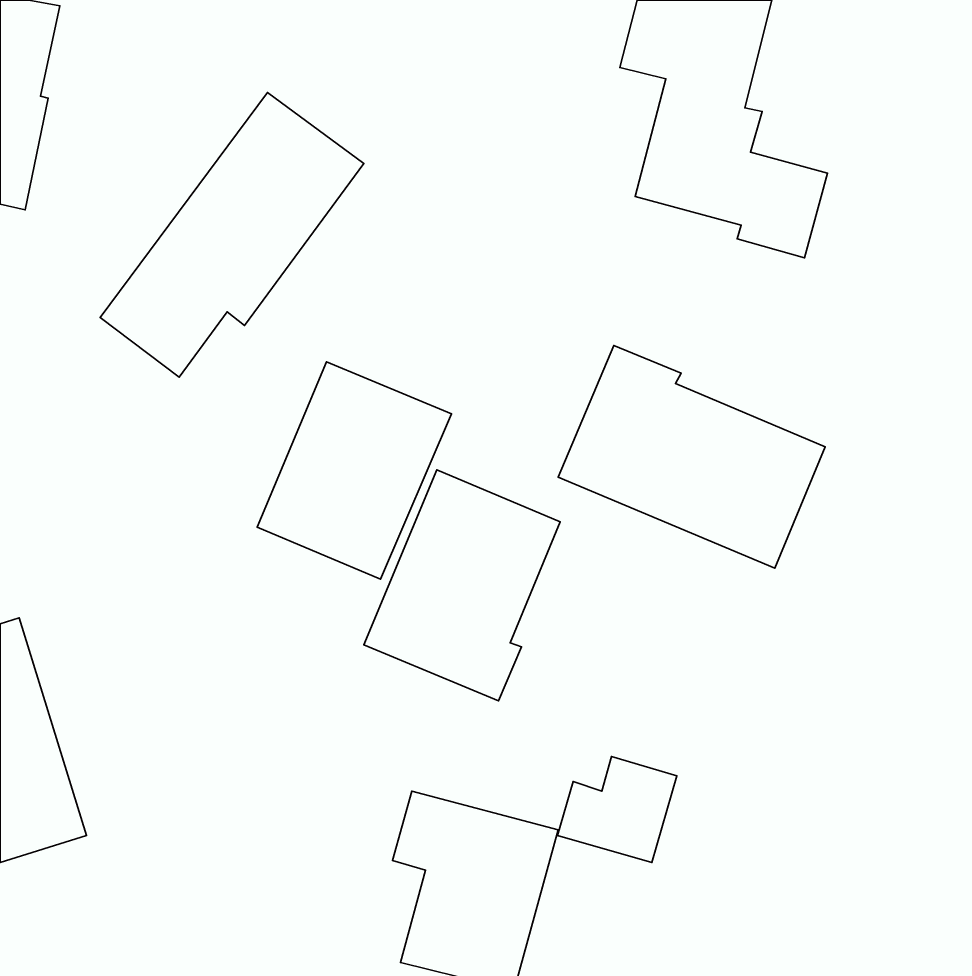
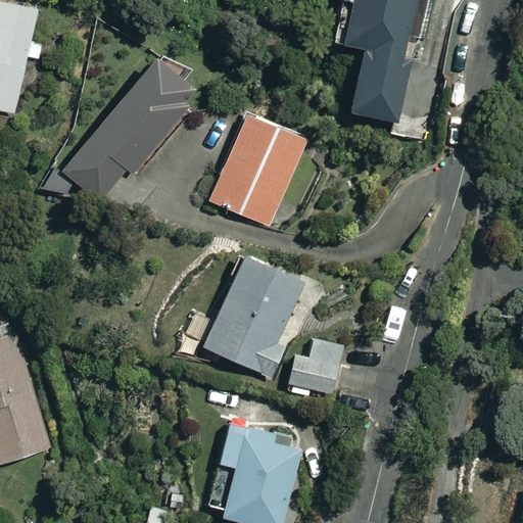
building: [558,346,825,568] -> none
building: [257,362,452,579] -> [207,112,311,228]
building: [558,756,677,862] -> [284,339,347,395]

